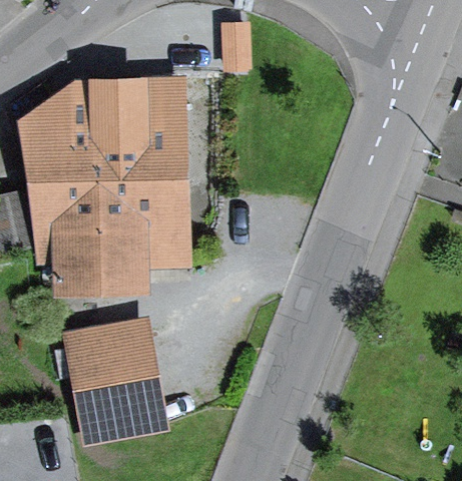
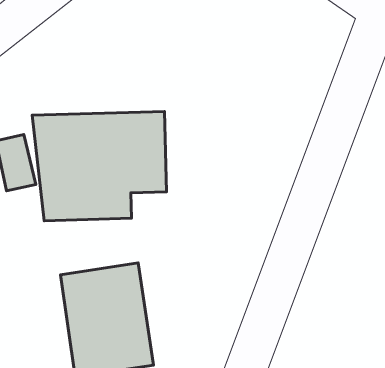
building: [25,57,182,161] -> none

